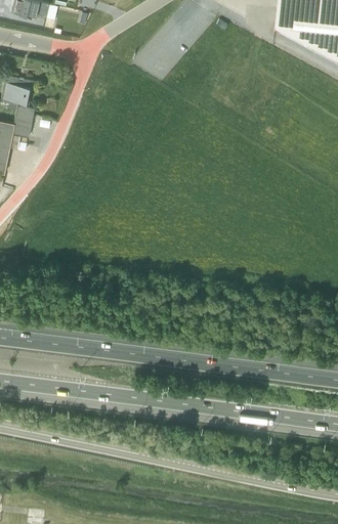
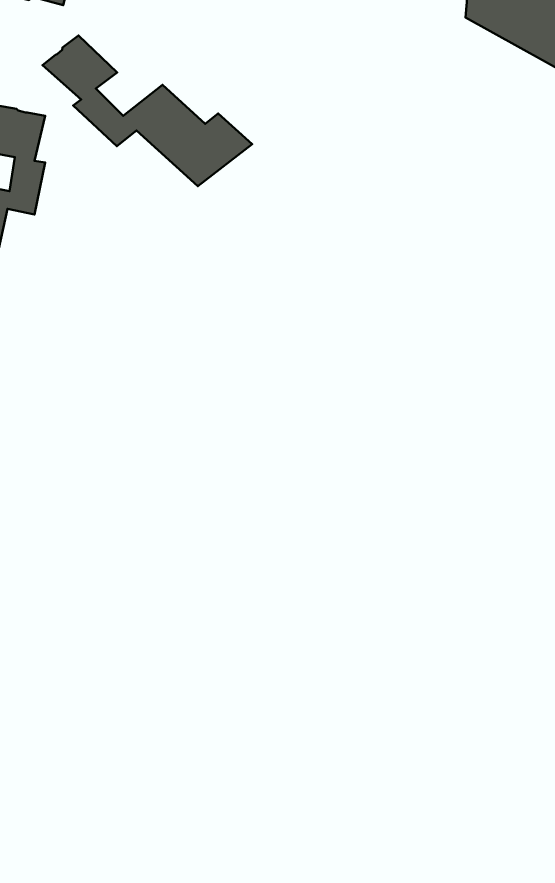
building: none -> [42,36,252,186]

